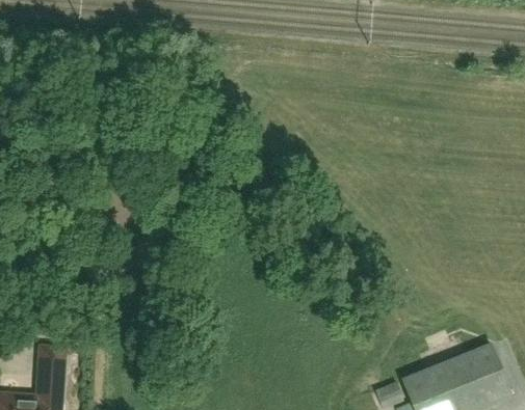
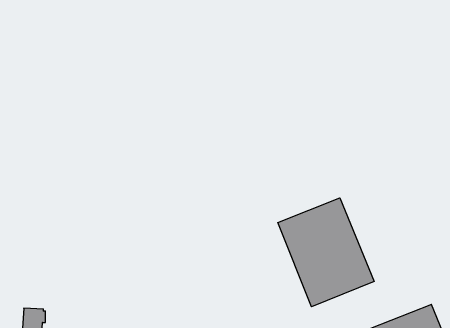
building: none -> [278,198,374,307]

